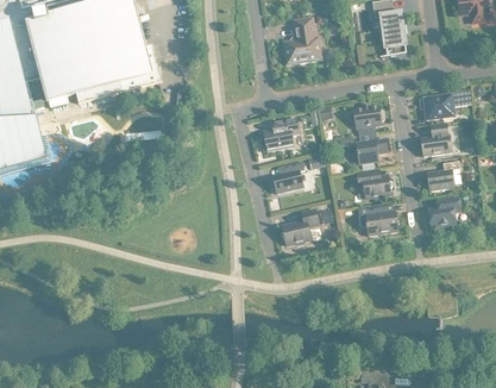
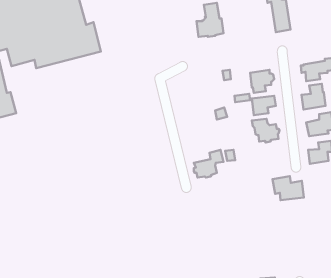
building: [264,117,300,150] -> none
building: [274,161,304,193] -> none
building: [358,204,398,234] -> [272,176,304,200]

